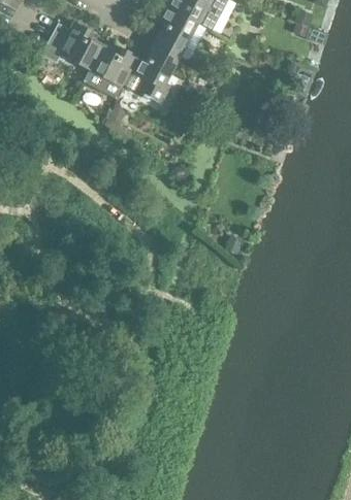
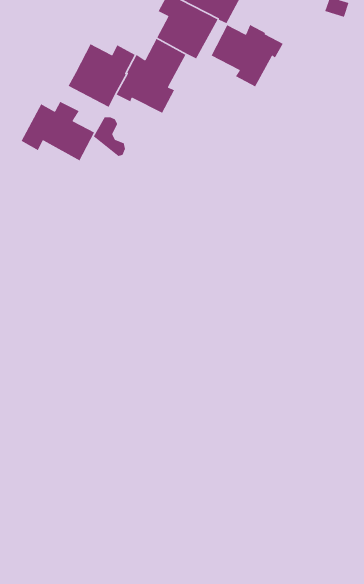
building: [41,21,102,70] -> [20,101,95,161]
building: none -> [210,24,284,87]

